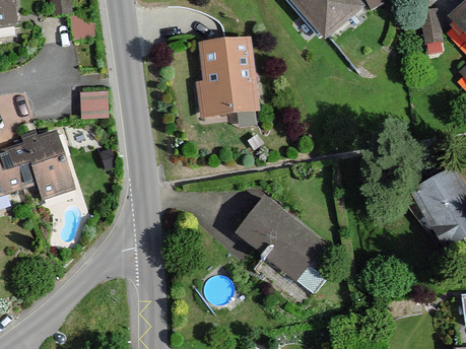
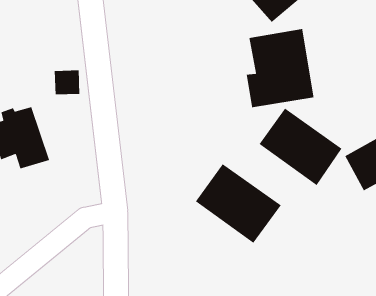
building: [192,33,268,122] -> [246,28,315,108]
building: none -> [259,108,343,186]

